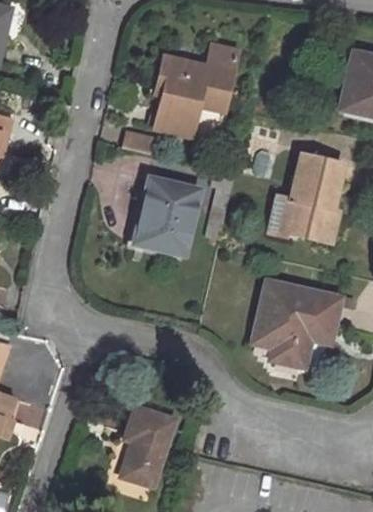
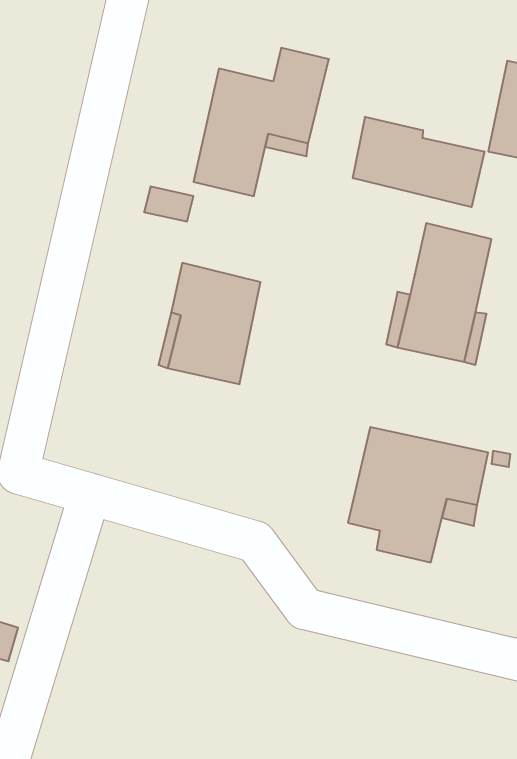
building: none -> [353,117,484,207]
building: [120,406,174,485] -> none

